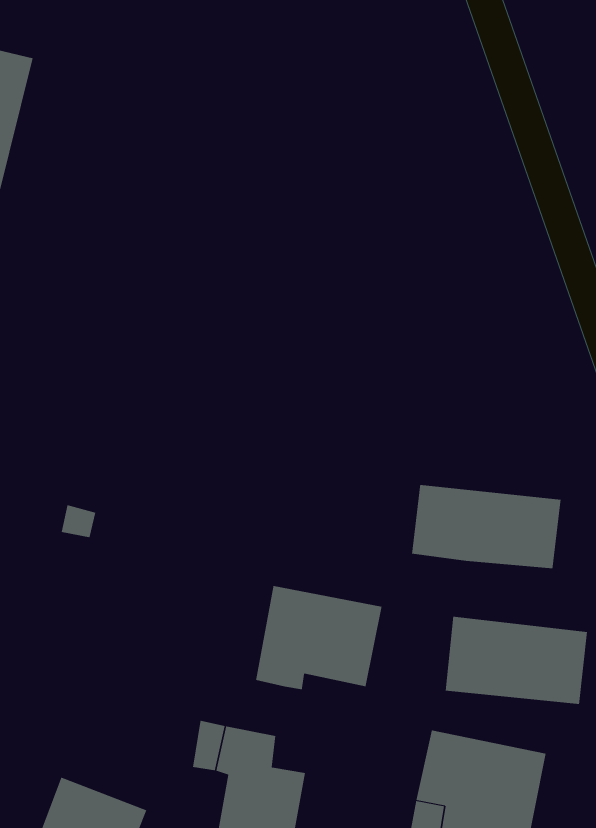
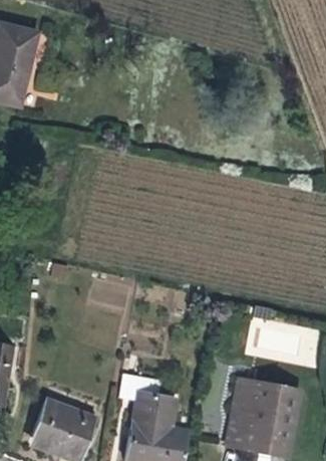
building: [411,484,561,569] -> none
building: [256,585,382,690] -> none

